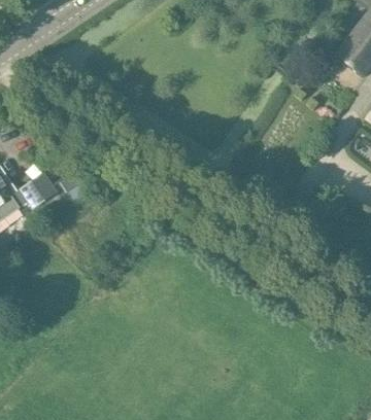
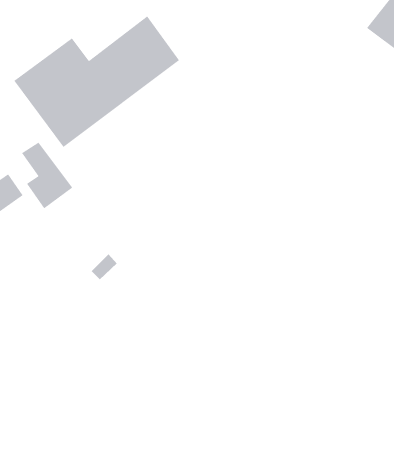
building: none -> [14,16,180,148]

